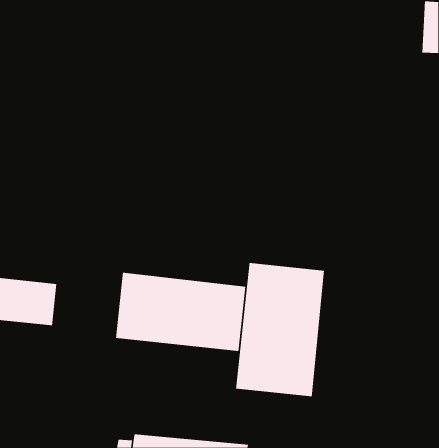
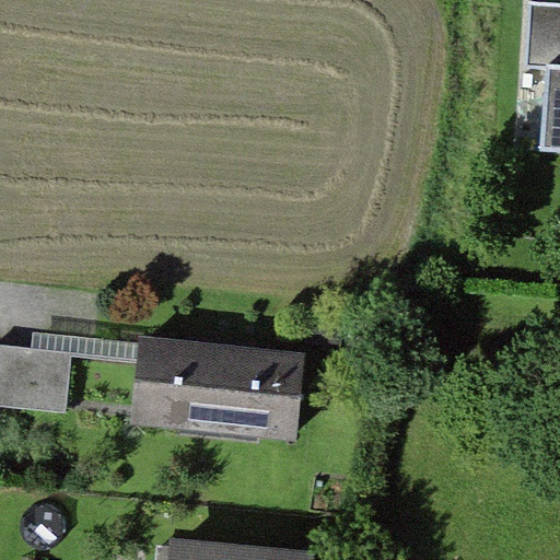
building: [236,262,325,397] -> none

